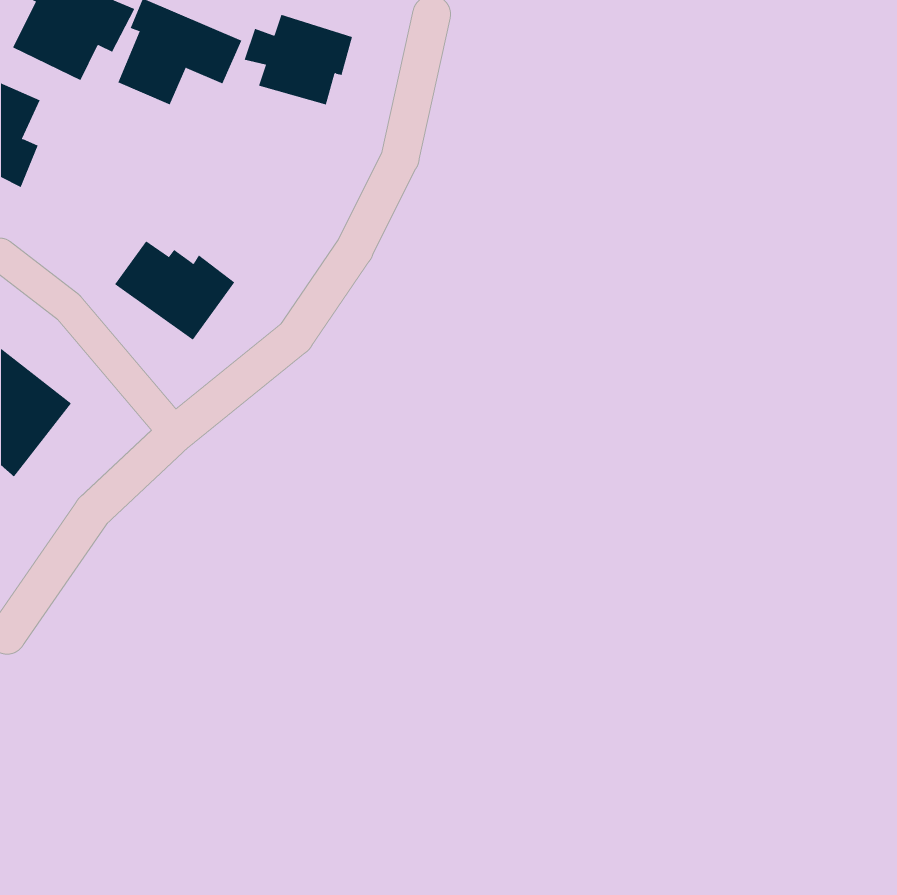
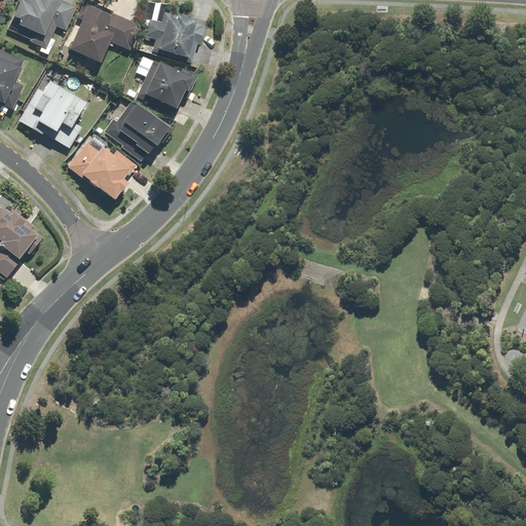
building: none -> [137,58,197,114]
building: none -> [17,79,85,150]
building: none -> [104,99,171,162]

